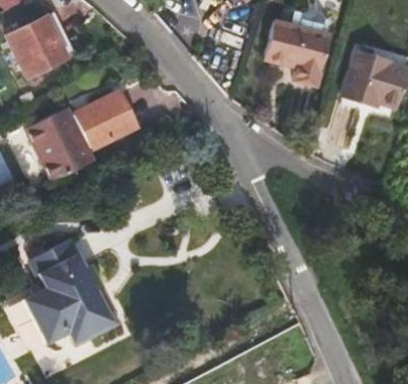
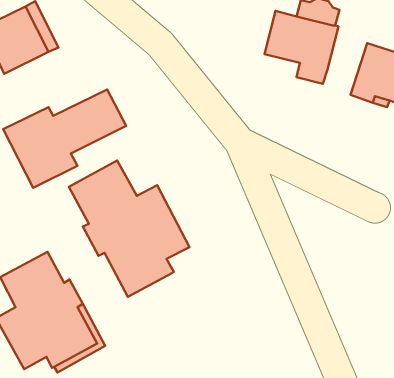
building: none -> [69,161,189,297]

